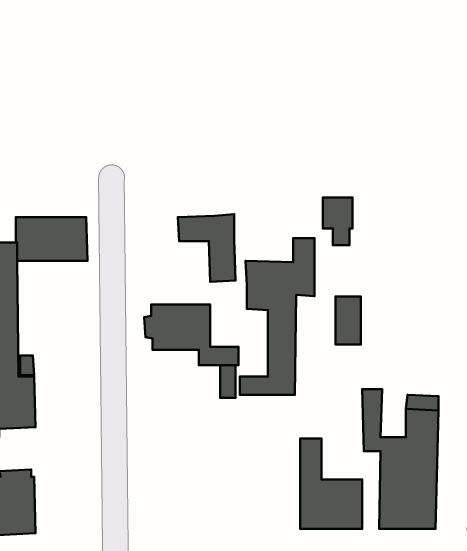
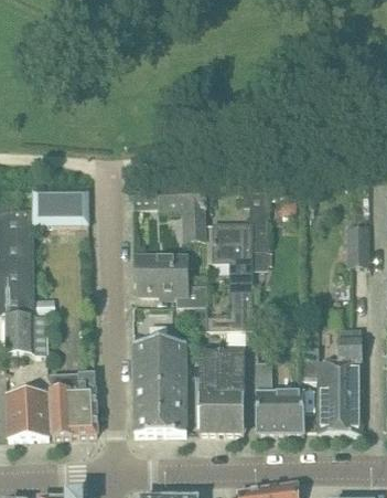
building: [335,297,361,344] -> [350,229,369,266]
building: none -> [133,341,186,433]
building: none -> [198,353,245,433]
building: none -> [50,373,97,436]

